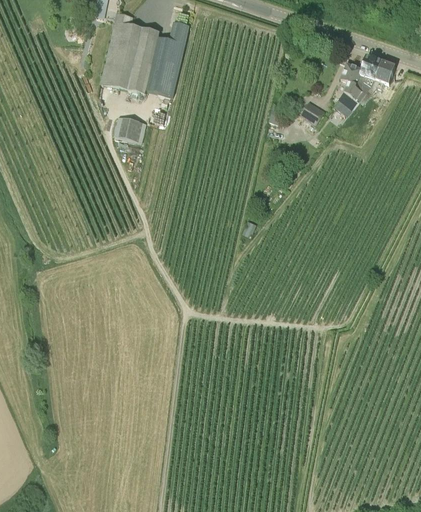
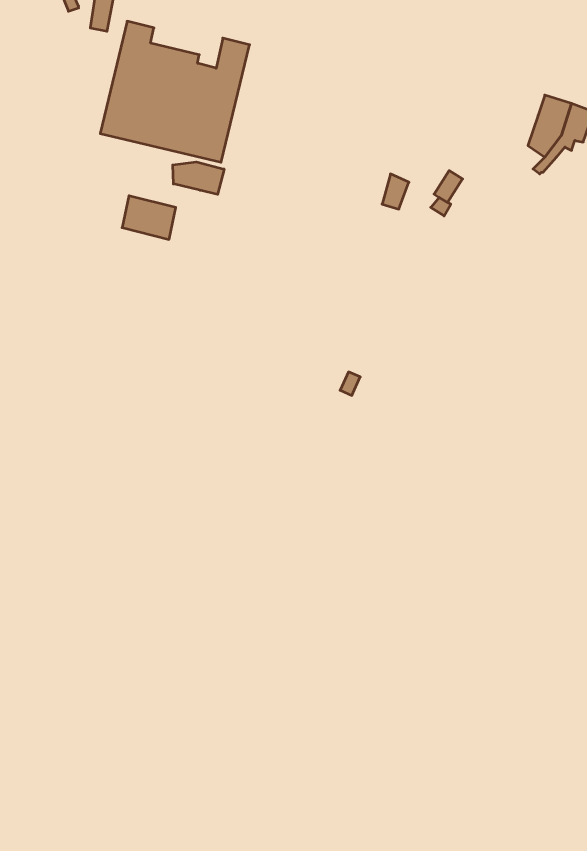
building: [337,64,365,110] -> none
building: none -> [173,162,224,194]

